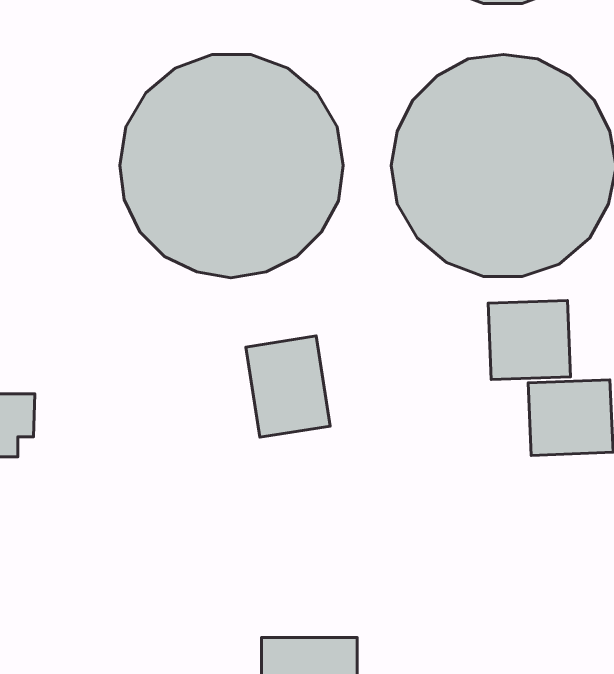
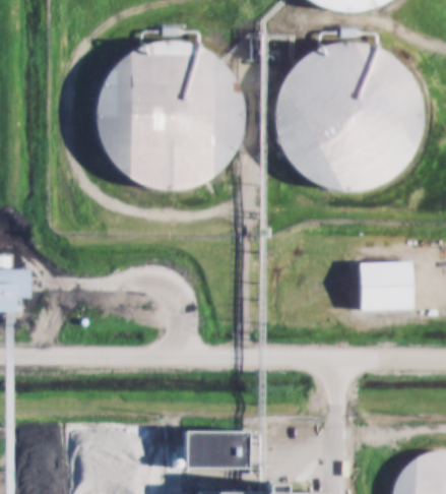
building: [488,301,570,379] -> none
building: [246,336,330,437] -> none

